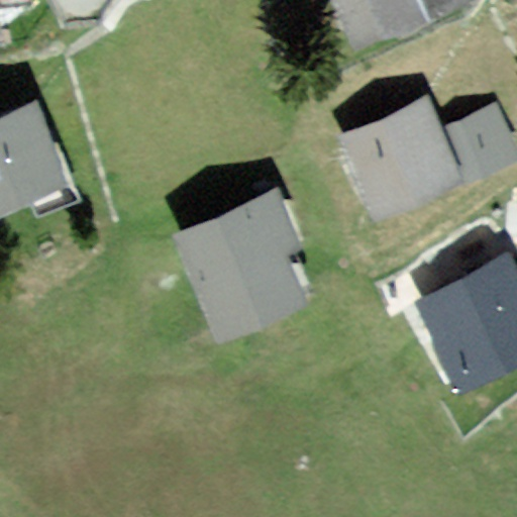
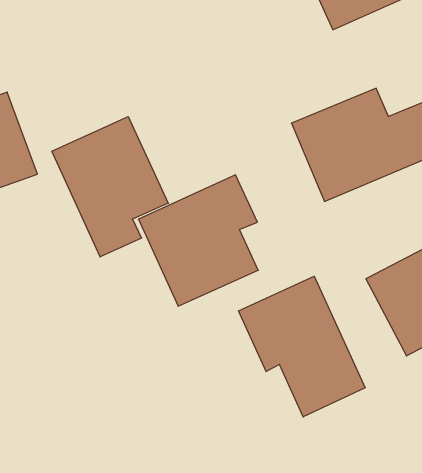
building: none -> [52,117,168,257]
building: none -> [239,276,365,417]

